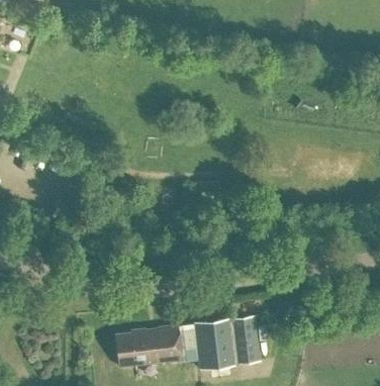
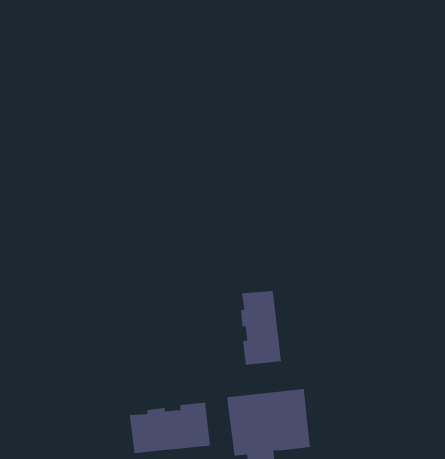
building: none -> [240,290,282,365]

